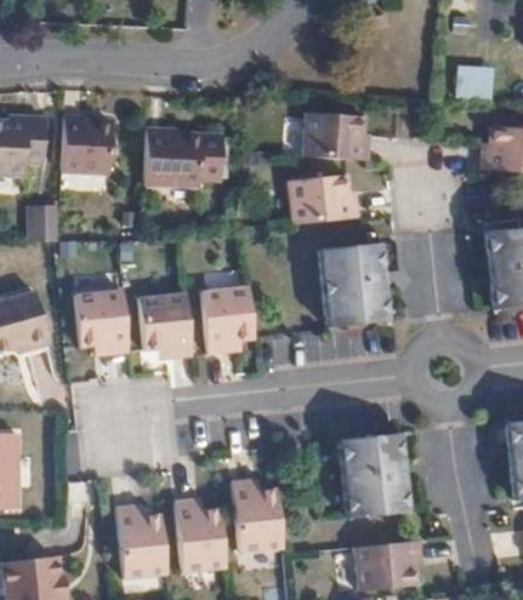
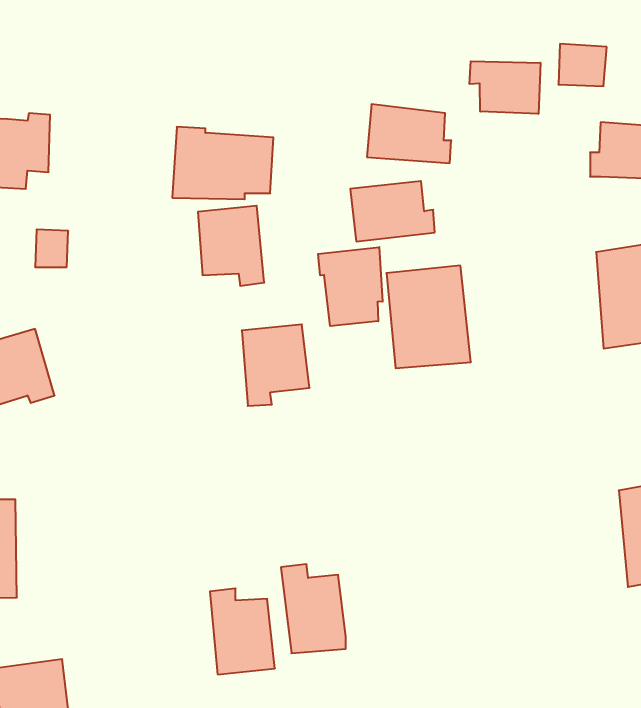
building: none -> [470,61,540,114]
building: [63,118,114,177] -> none
building: none -> [318,247,383,326]
building: [73,290,129,354] -> none
building: [138,293,192,358] -> [198,206,264,286]
building: [339,435,408,518] -> none
building: [115,507,169,577] -> none
building: [354,539,422,587] -> none

